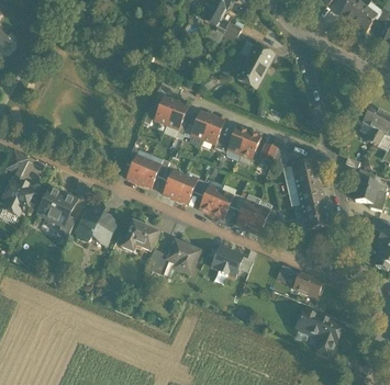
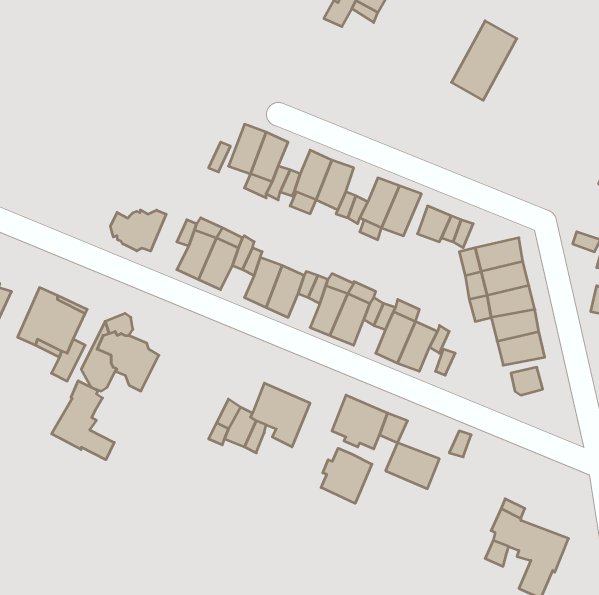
building: [236,44,272,88] -> [451,21,517,100]
building: none -> [110,210,166,251]
building: [124,222,157,250] -> none
building: none -> [52,381,114,460]
building: [292,272,322,297] -> [386,443,439,489]
building: none -> [321,448,372,503]

